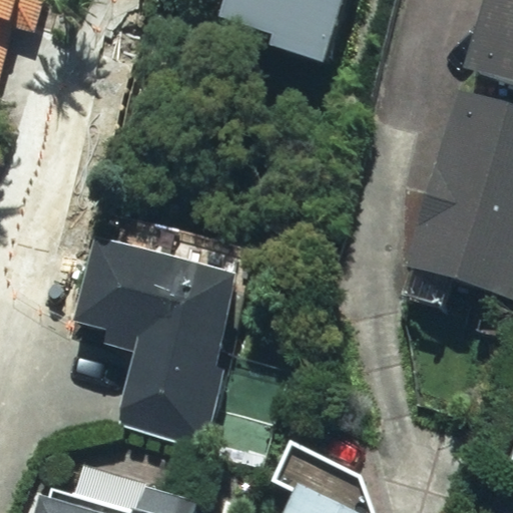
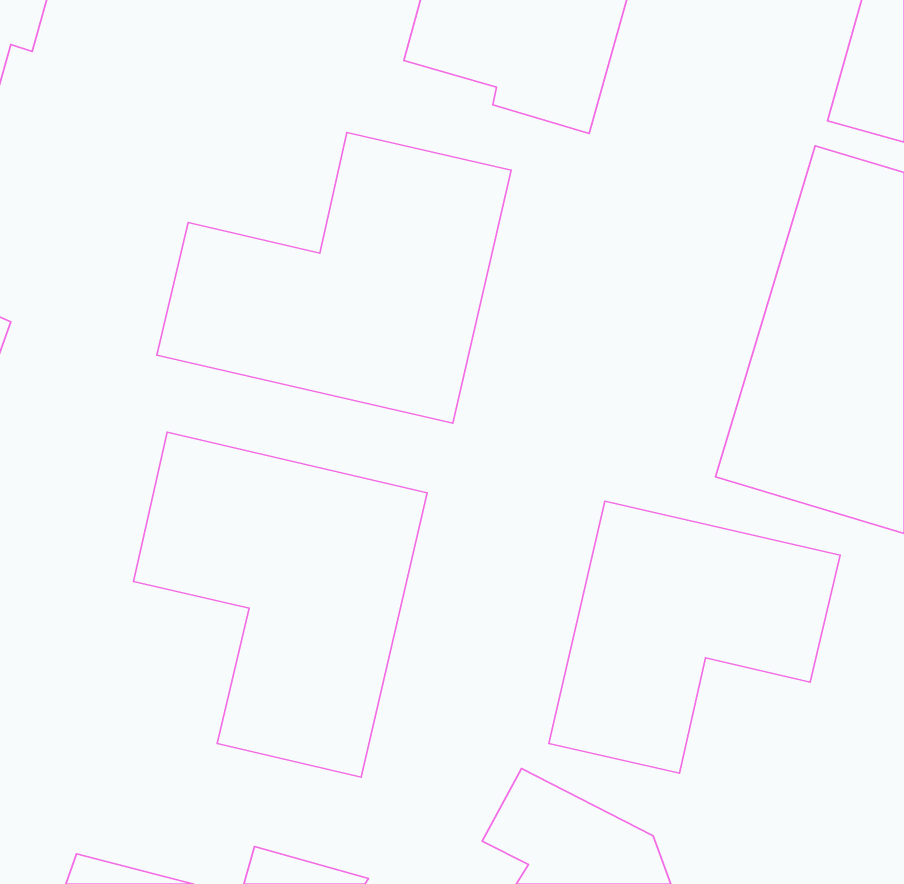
building: none -> [157,133,511,423]
building: none -> [549,501,840,773]

